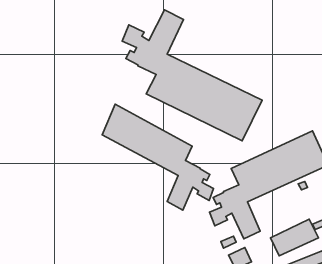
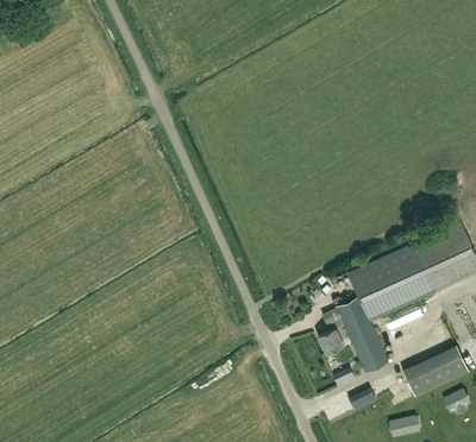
building: [122,10,262,141] -> none
building: [102,104,214,210] -> none

